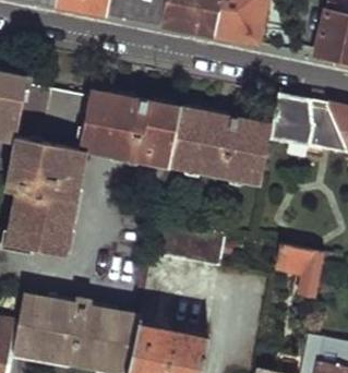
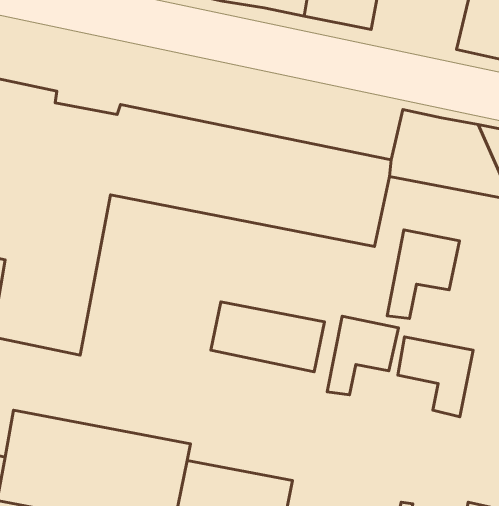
building: none -> [387,230,459,318]
building: none -> [327,316,398,395]

